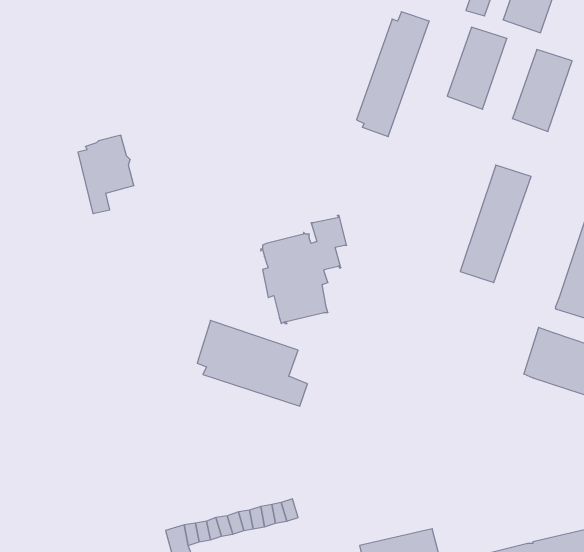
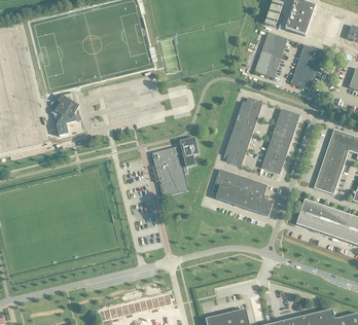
building: [357,12,429,137] -> [222,97,262,166]
building: [197,320,307,406] -> [211,168,272,215]

